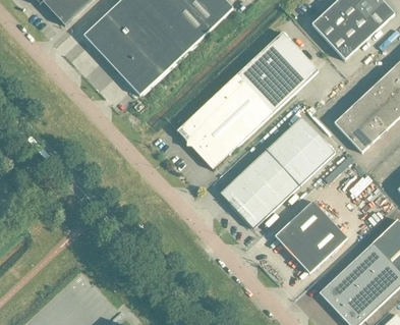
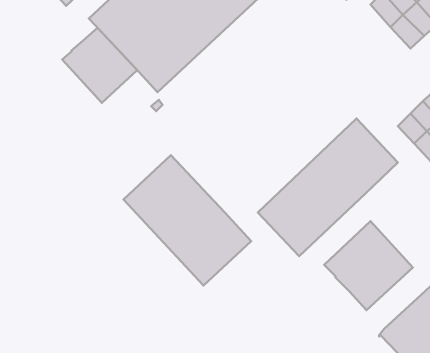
building: [177,31,319,168] -> none
building: none -> [62,28,137,103]
building: none -> [123,155,251,286]

